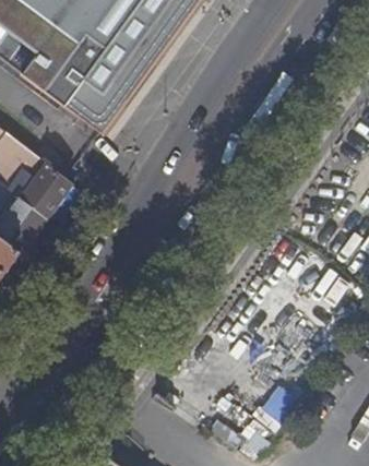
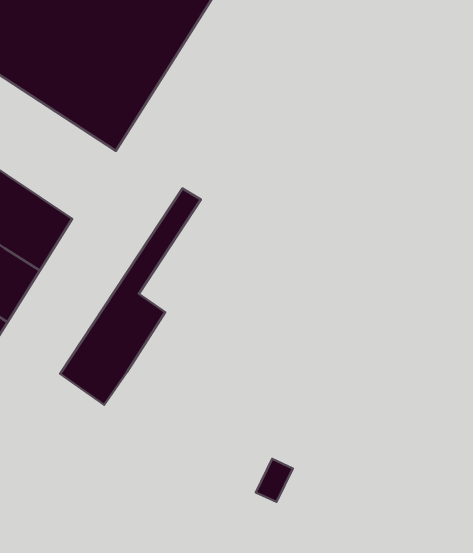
building: none -> [60,188,201,405]

